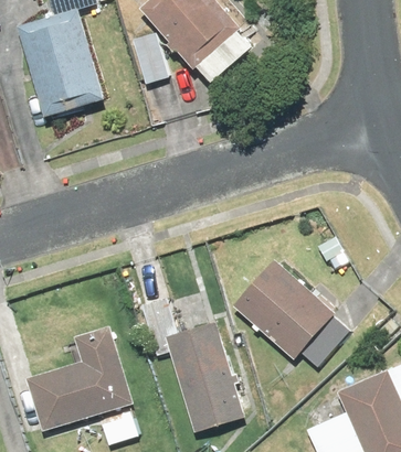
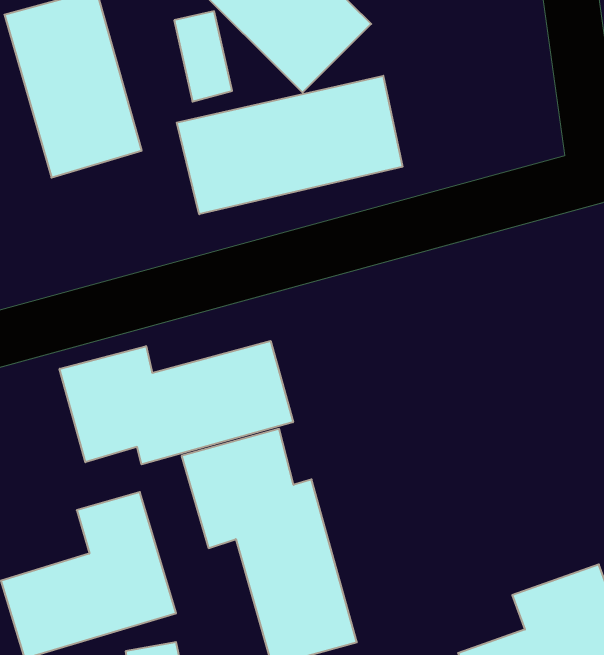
building: none -> [177,76,403,214]
building: none -> [60,341,293,464]
building: [231,254,347,365] -> none

